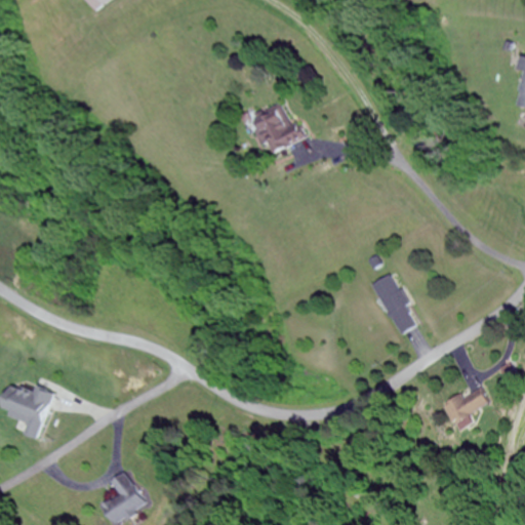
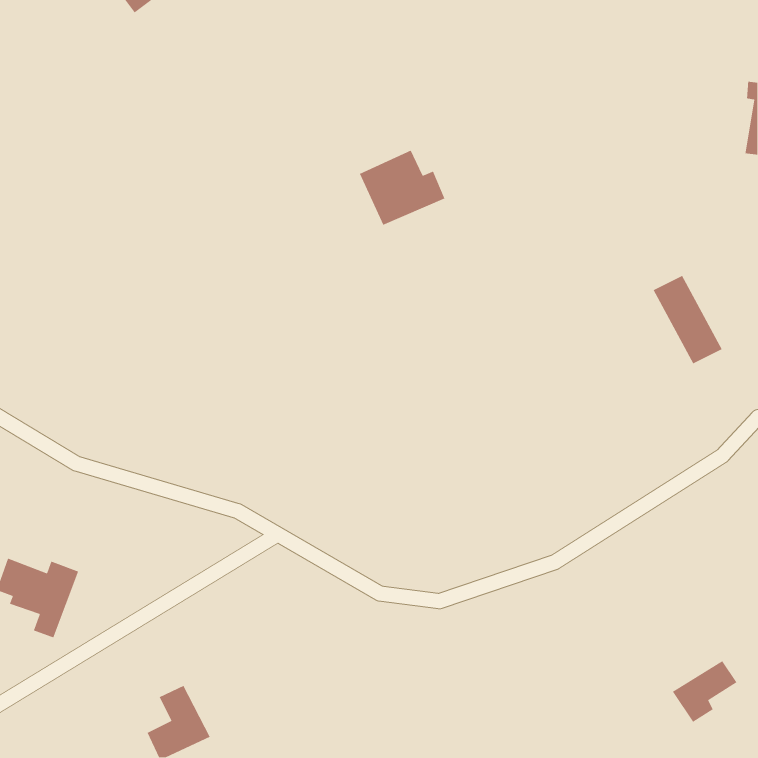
building: [371,272,419,333] -> [653,275,723,365]
building: [448,386,493,429] -> [672,660,738,723]

